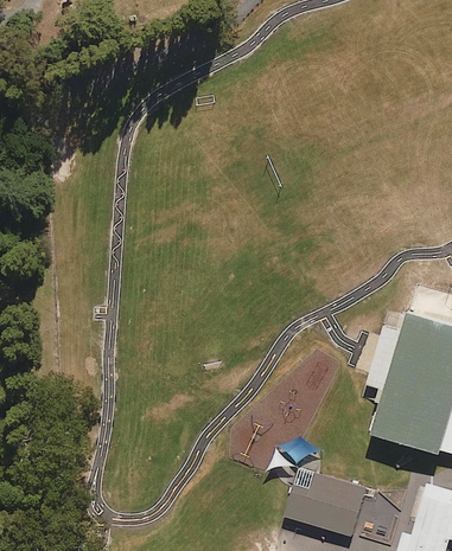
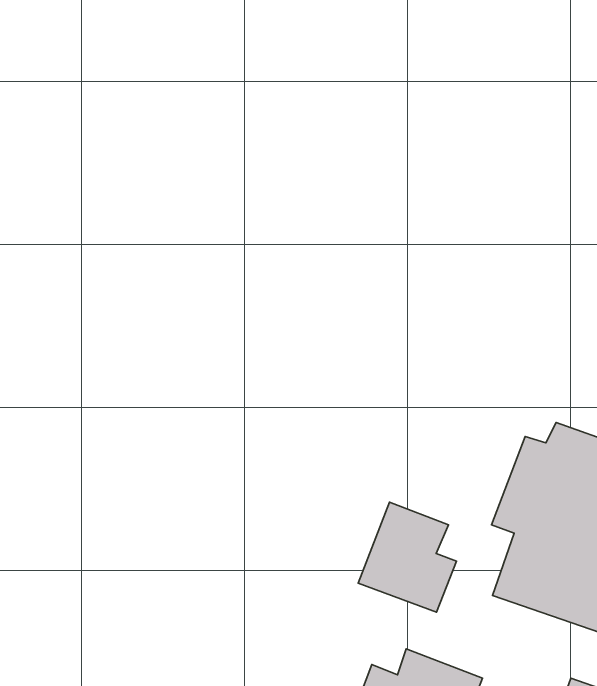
building: none -> [358,502,457,612]

